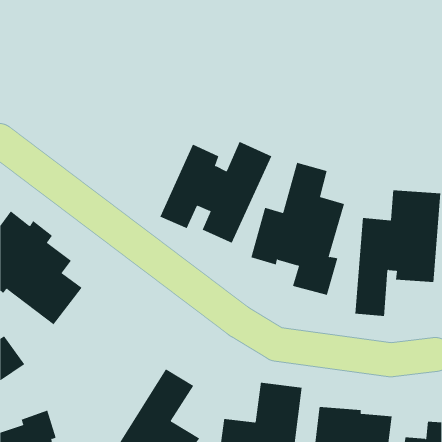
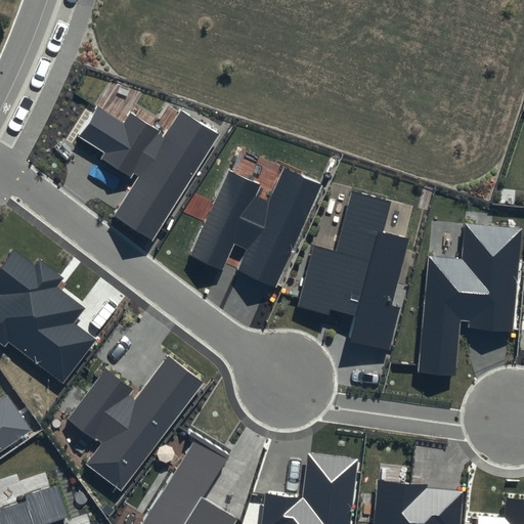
building: none -> [79,110,219,243]
building: none -> [68,356,203,493]

